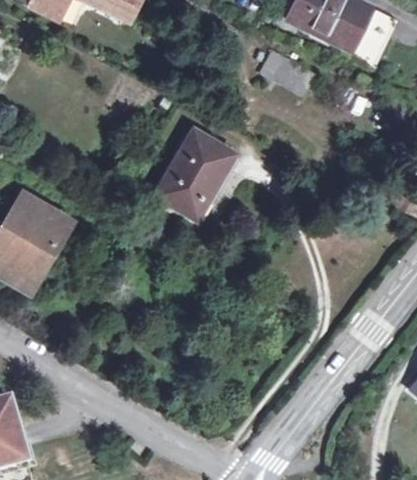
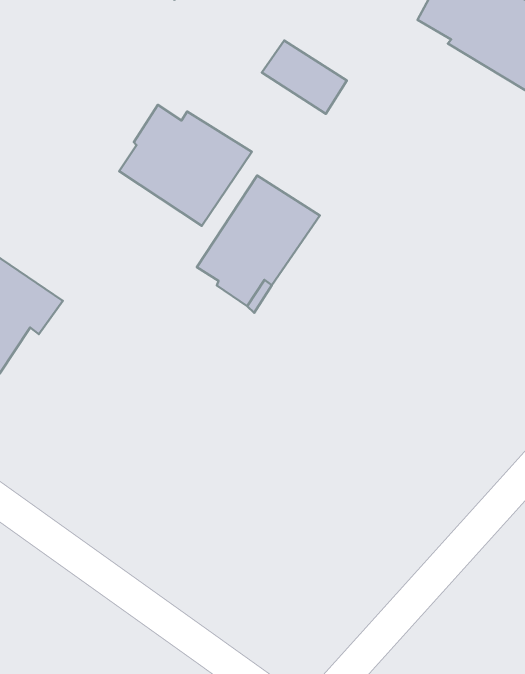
building: [260,51,316,97] -> [262,40,347,114]
building: none -> [119,105,252,226]

